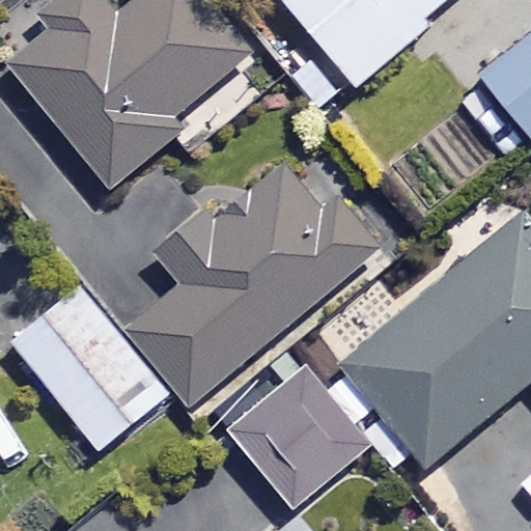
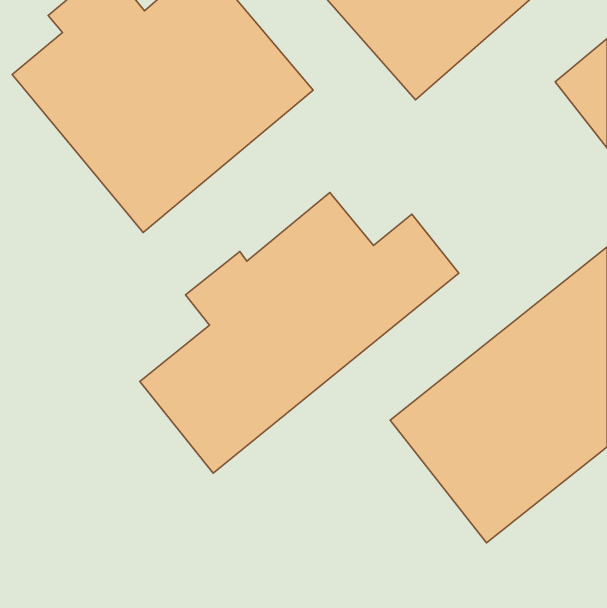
building: [16,289,167,449] -> none
building: [215,364,367,511] -> none

